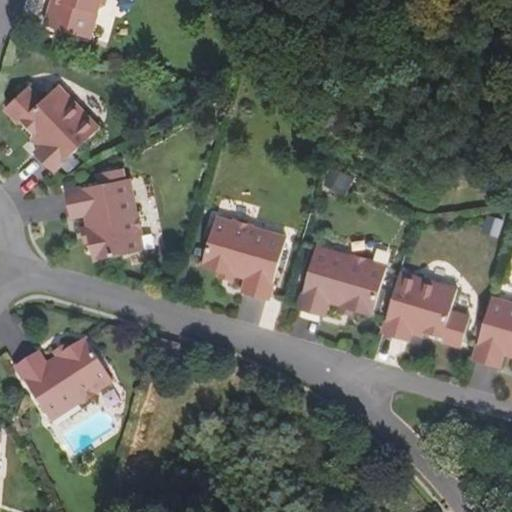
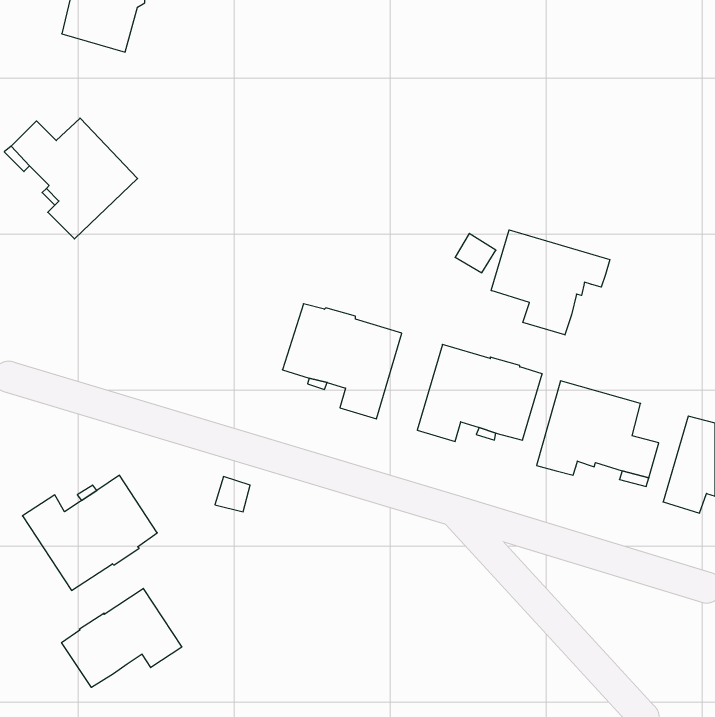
building: none -> [491,230,610,335]
building: [65,177,142,259] -> none
building: none -> [62,588,182,687]

